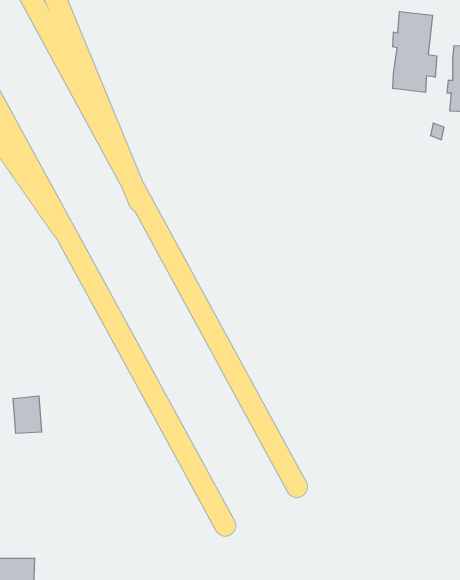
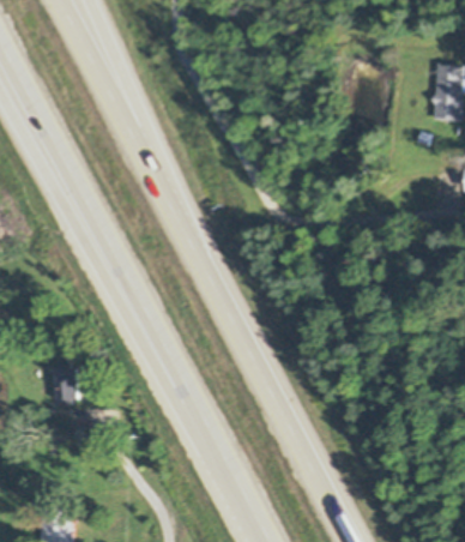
building: [393,11,437,92] -> none

